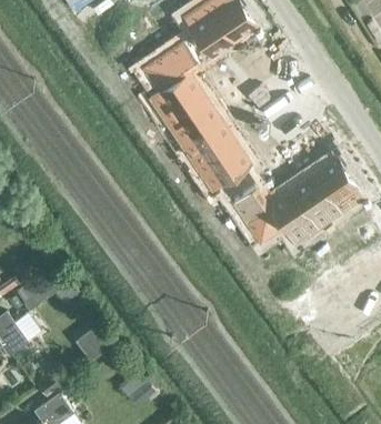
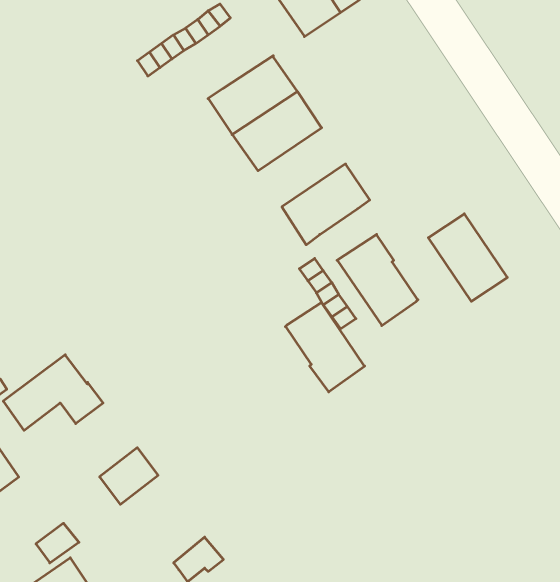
building: [142,40,200,91] -> none
building: [180,117,237,168] -> none
building: [313,155,365,213] -> none
building: [267,188,318,245] -> [285,302,365,392]

